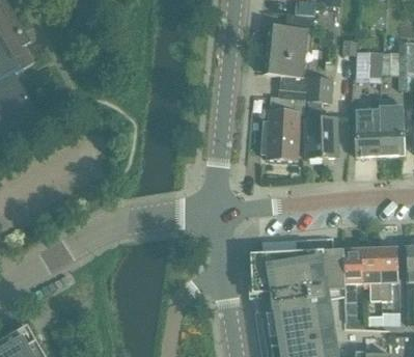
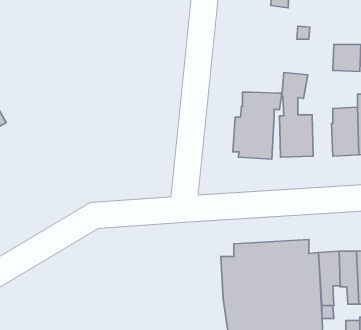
building: [270,13,314,98] -> none

